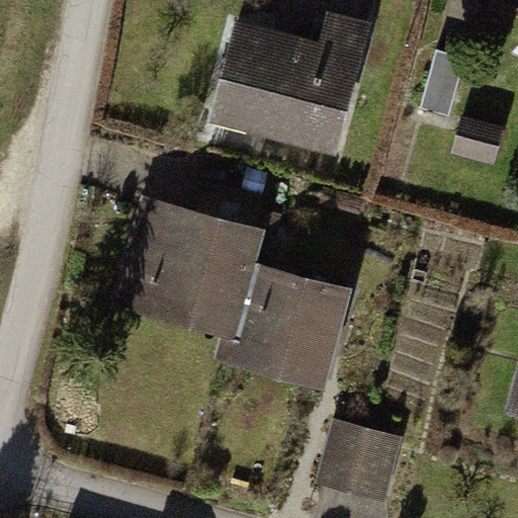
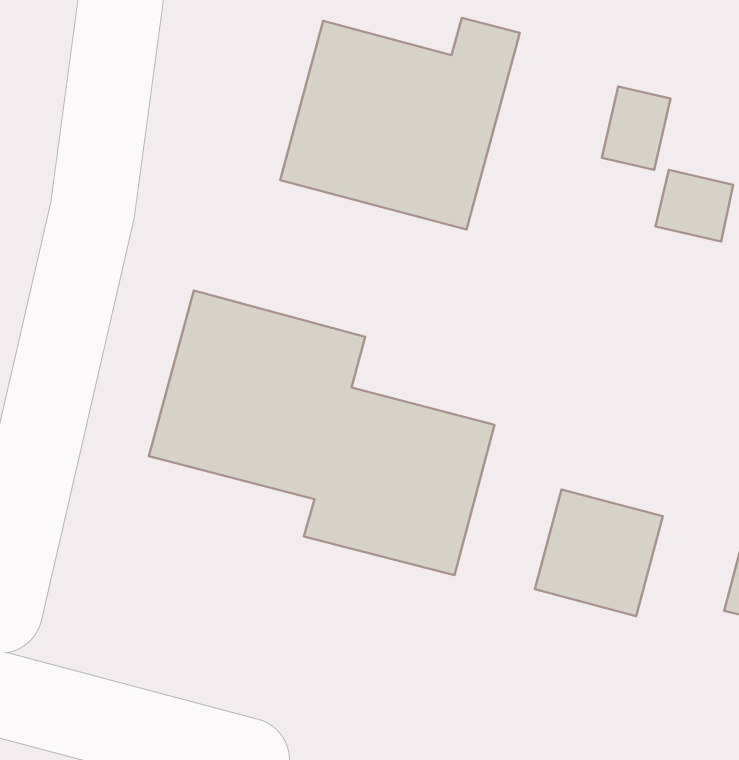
building: [324,421,411,507] -> [535,489,663,616]

